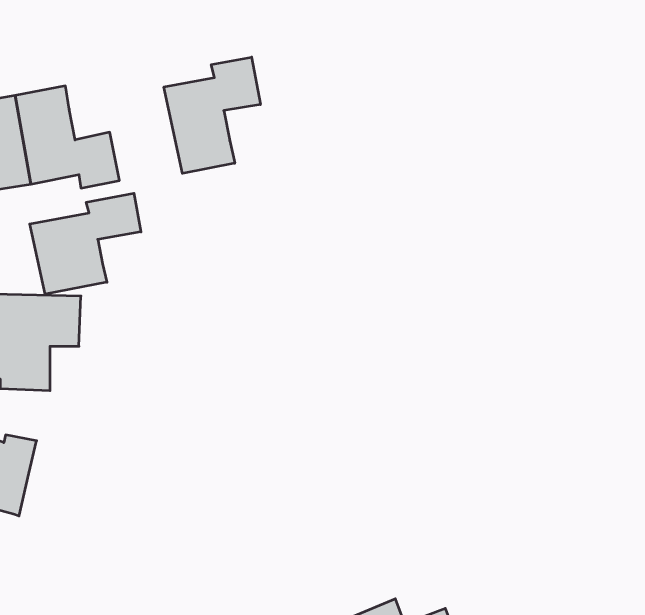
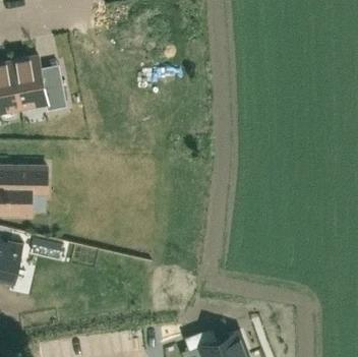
building: [164,57,260,173] -> none
building: [30,193,141,294] -> none

